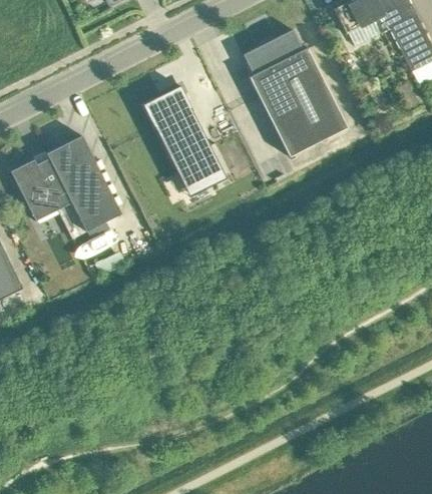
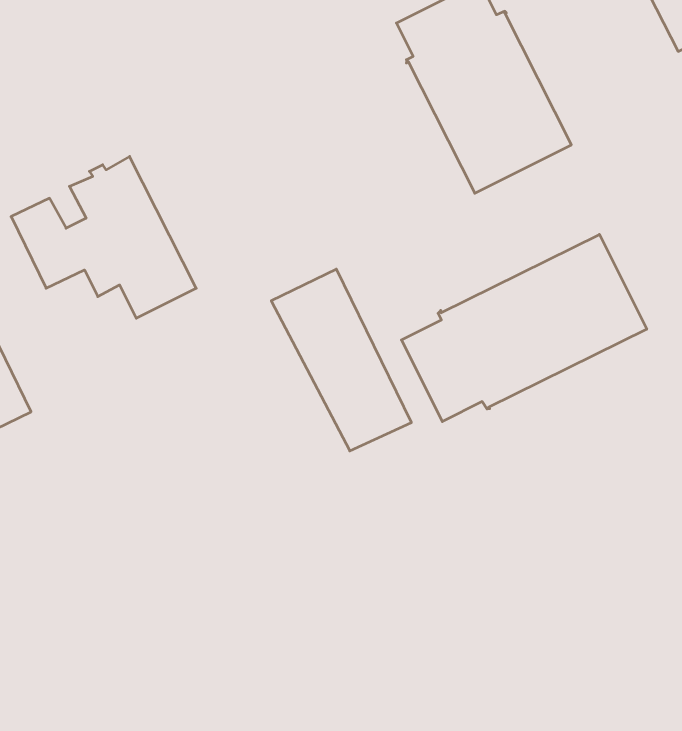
building: [142,85,227,194] -> [271,269,411,451]
building: none -> [401,234,647,422]

